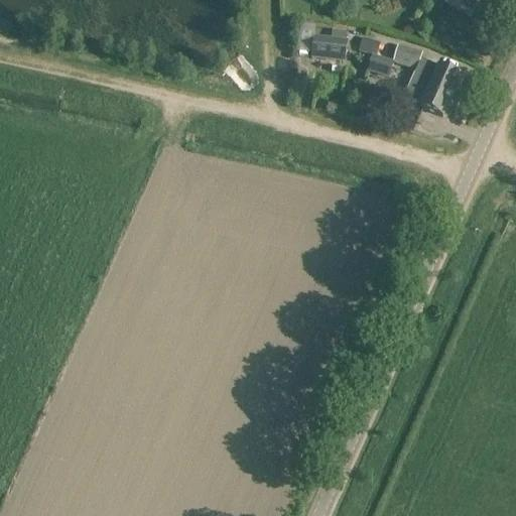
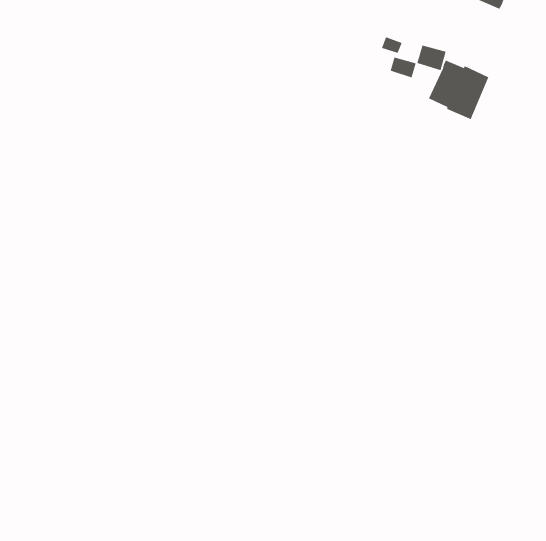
building: [311,26,347,57] -> none

